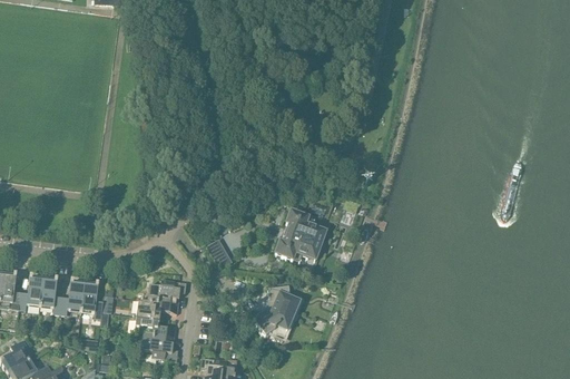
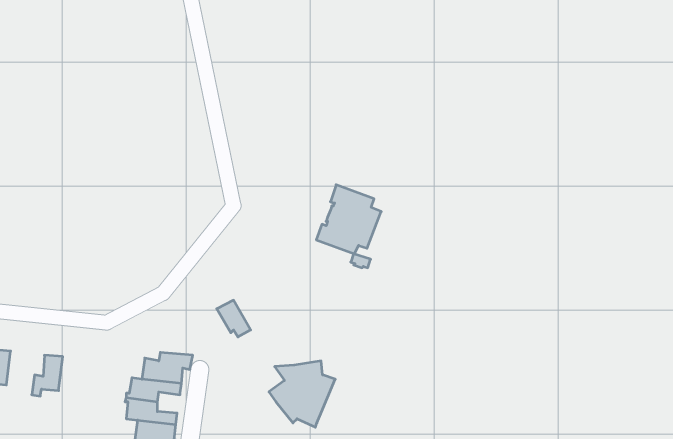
building: [275,210,326,264] -> [316,185,381,254]
building: [40,279,62,313] -> none
building: [81,283,102,318] -> none

